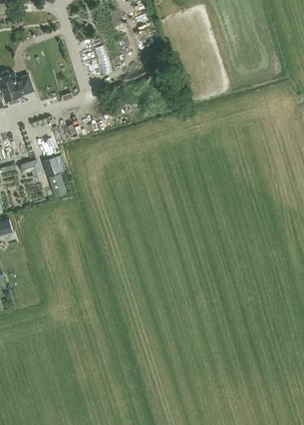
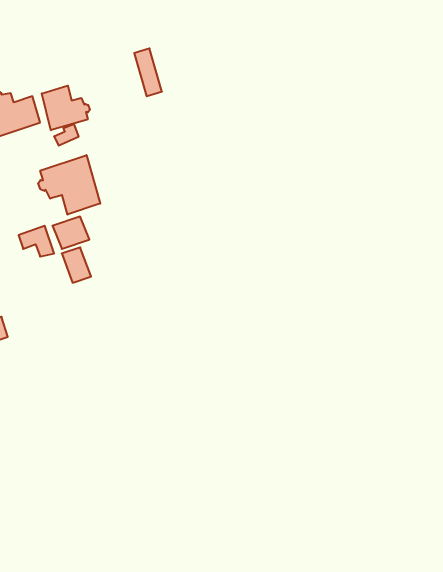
building: none -> [42,86,90,130]
building: none -> [38,155,100,215]

